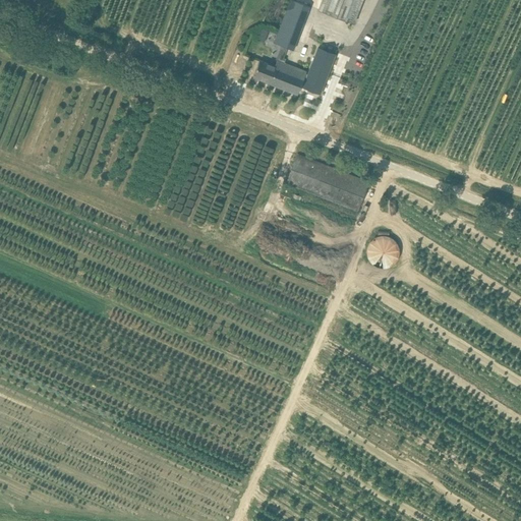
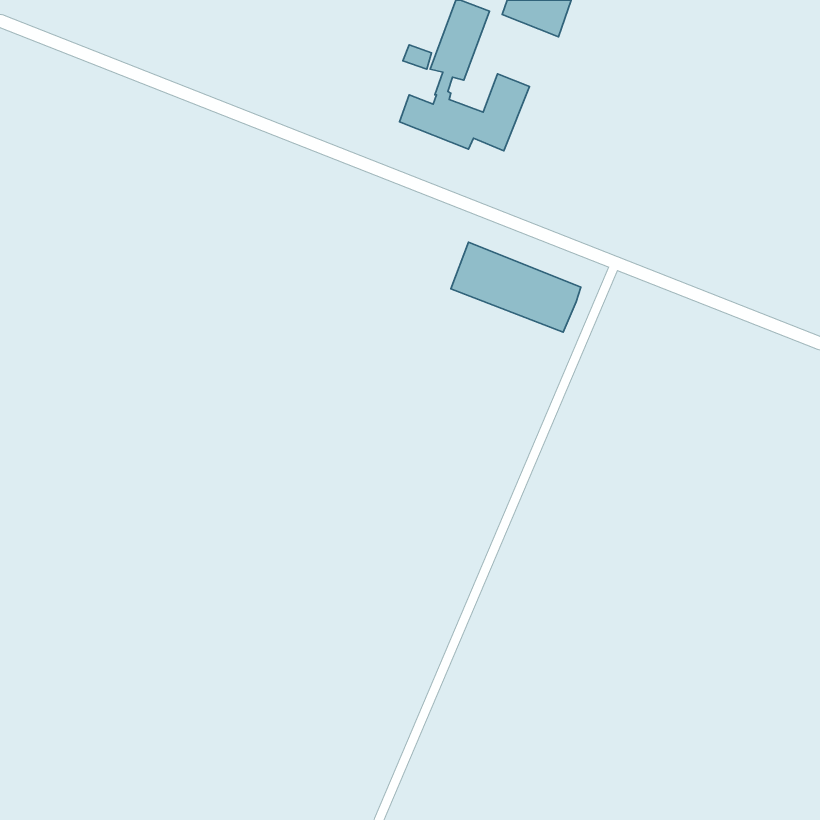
building: [367,235,400,269] -> none

